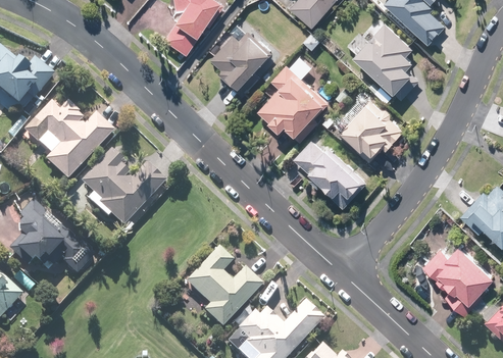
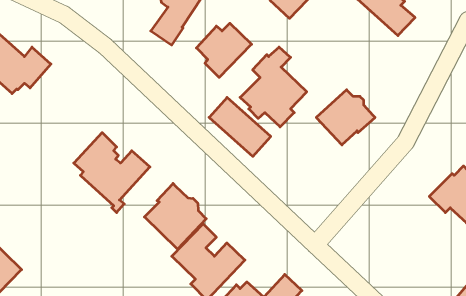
building: [352,23,419,104] -> none
building: [23,101,114,182] -> none
building: [294,140,360,203] -> [209,97,271,156]
building: [13,201,95,282] -> none
building: none -> [144,183,206,249]
building: [431,245,494,319] -> none

